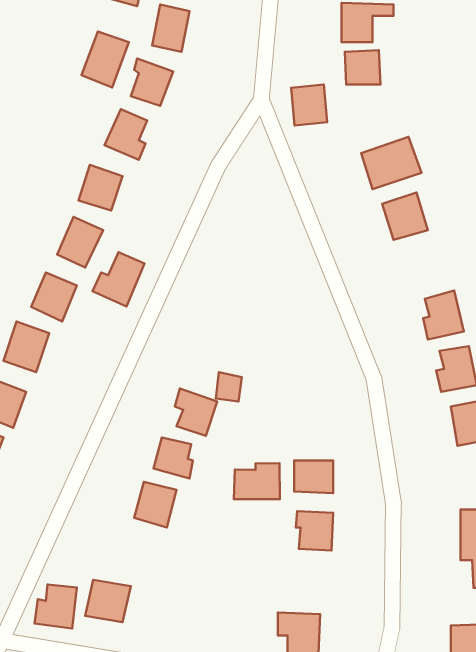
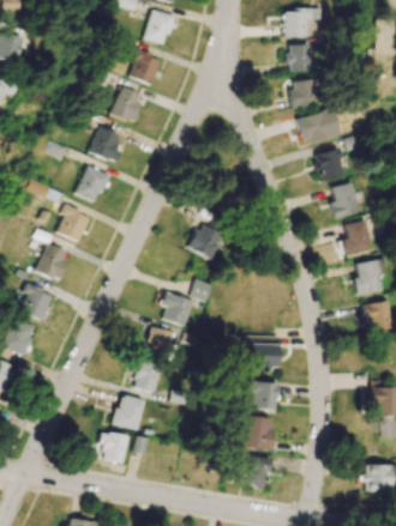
building: [81,32,129,88] -> none
building: [291,85,327,125] -> [290,78,317,108]
building: none -> [331,183,361,218]
building: [92,252,145,306] -> none
building: none -> [190,224,223,258]
building: [234,463,280,499] -> none
building: none -> [242,416,275,451]
building: [35,584,77,628] -> [113,397,144,429]

